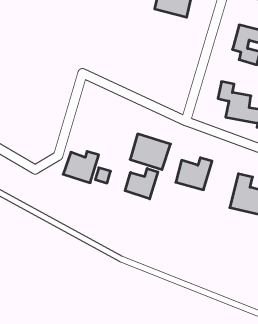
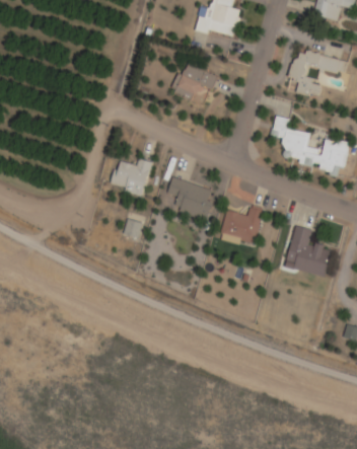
building: none -> [173,61,218,99]
building: [63,151,99,183] -> [111,158,153,196]
building: [125,168,158,199] -> none

